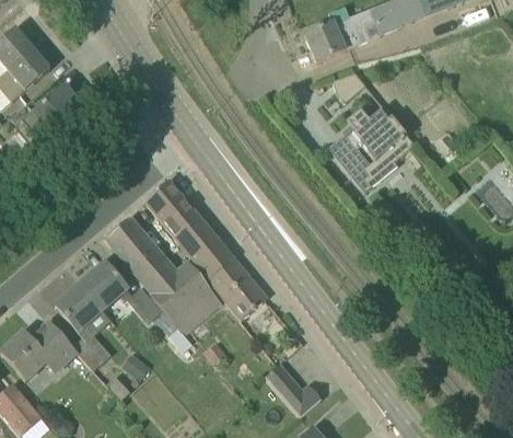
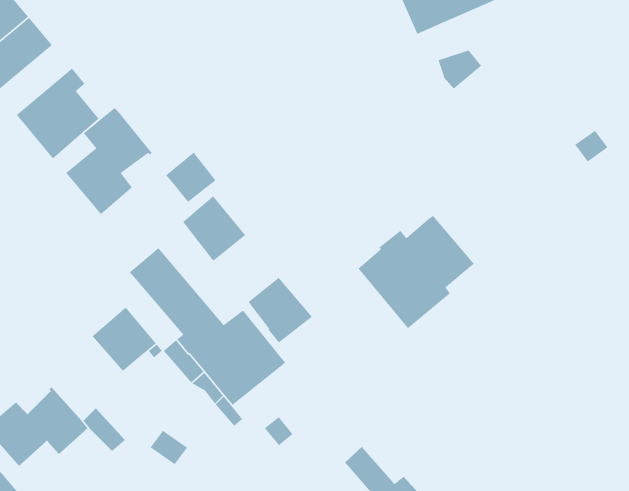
building: [328,107,415,192] -> [357,215,475,329]
building: none -> [65,107,153,215]
building: none -> [165,152,217,203]
building: [168,209,217,258] -> none
building: [217,269,266,320] -> none
building: [55,284,102,331] -> none

